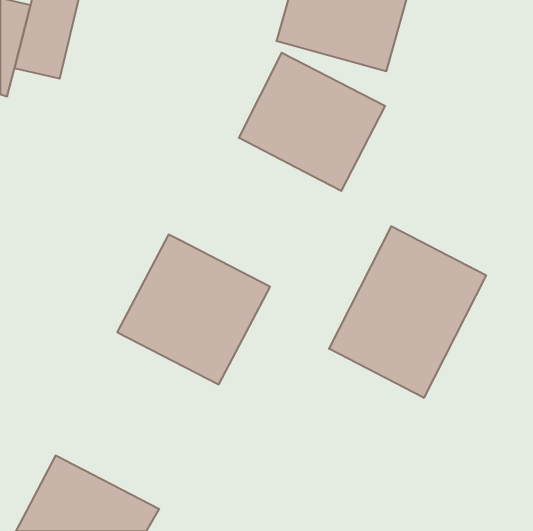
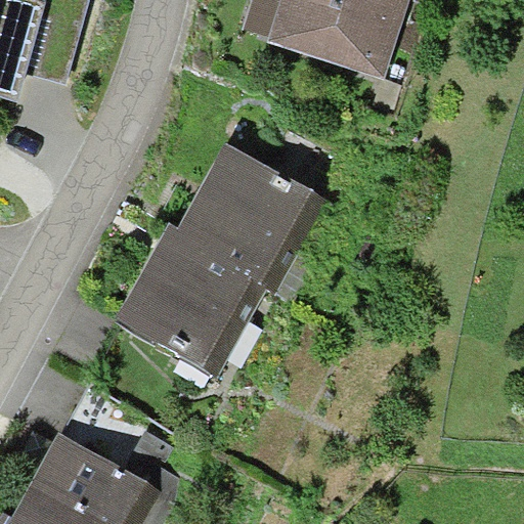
building: [239,53,385,191] -> [177,151,320,287]
building: [329,226,486,398] -> none

